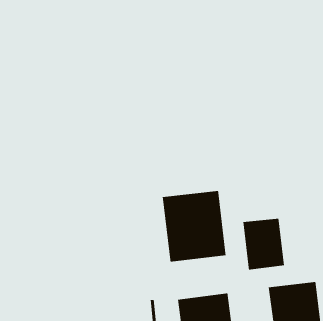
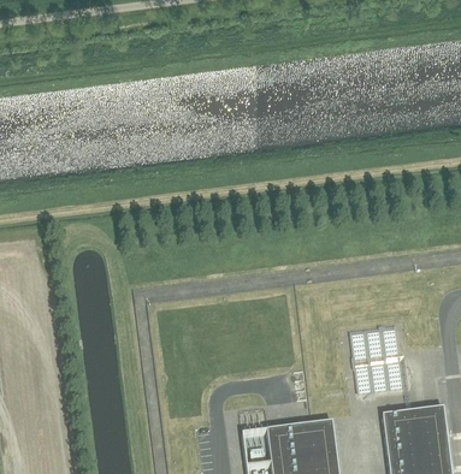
building: [162,190,226,262] -> none

